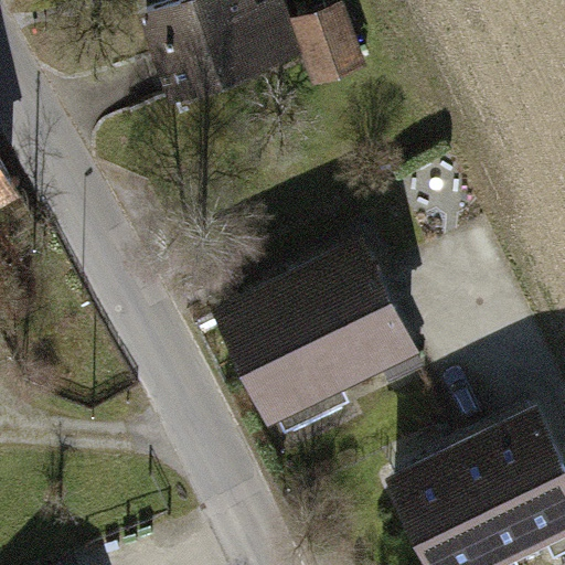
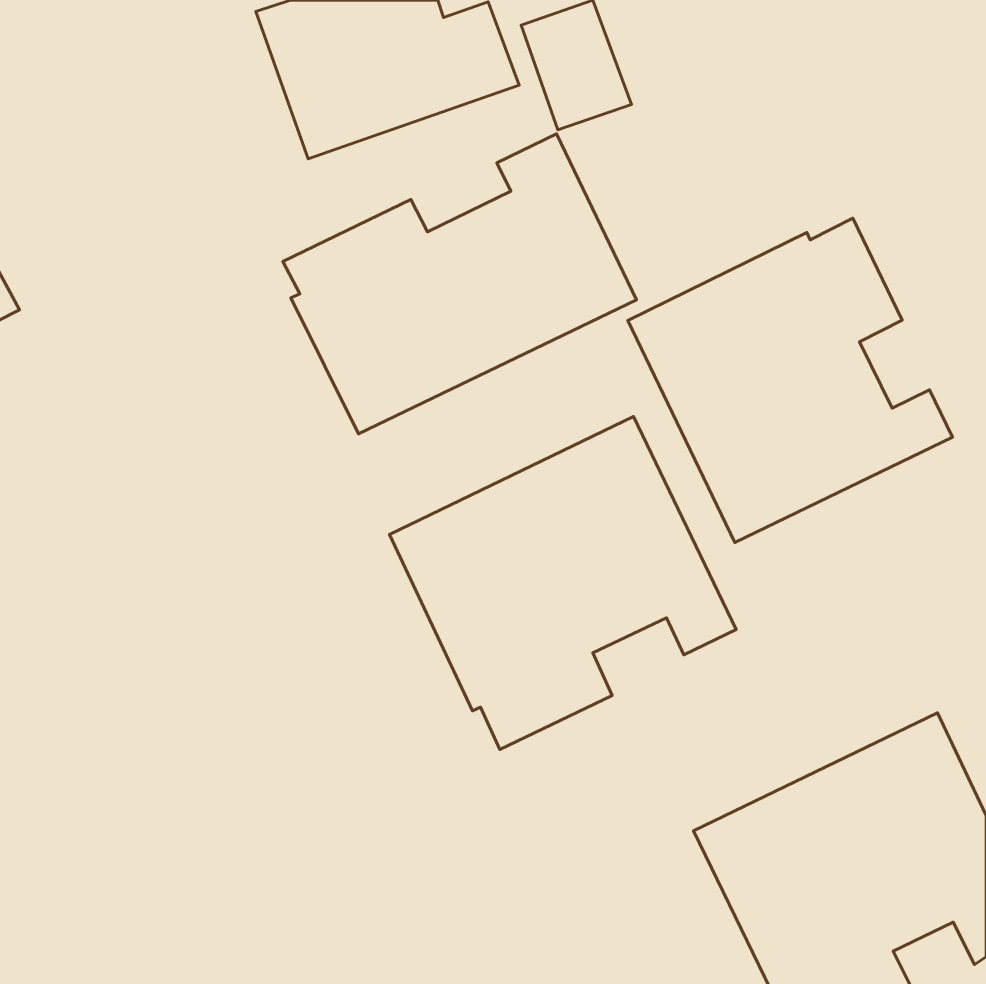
building: none -> [283,134,637,434]
building: none -> [628,218,953,543]

